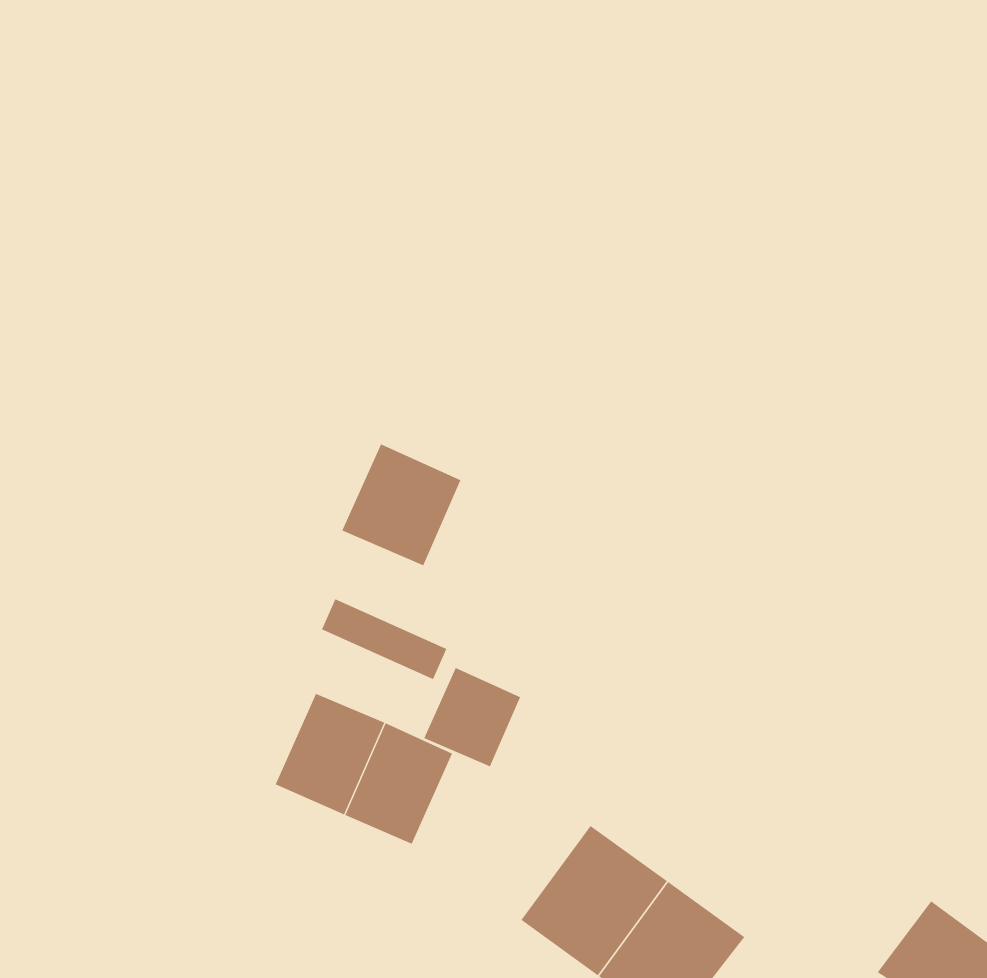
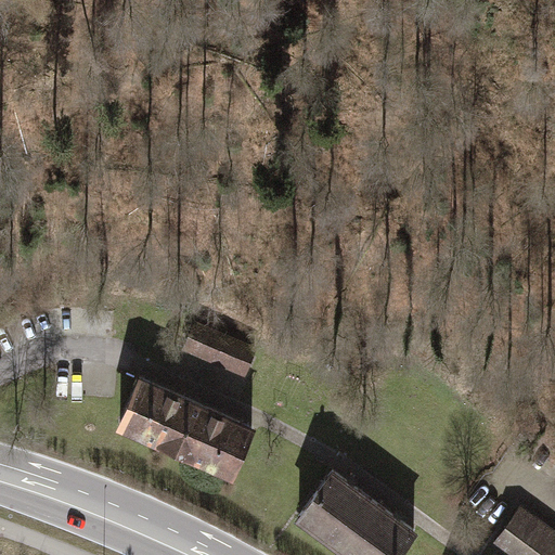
building: [342,443,461,566] -> none
building: none -> [117,377,178,446]
building: [424,667,521,767] -> none

